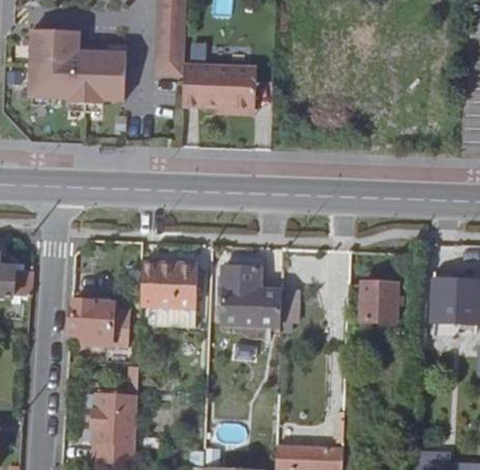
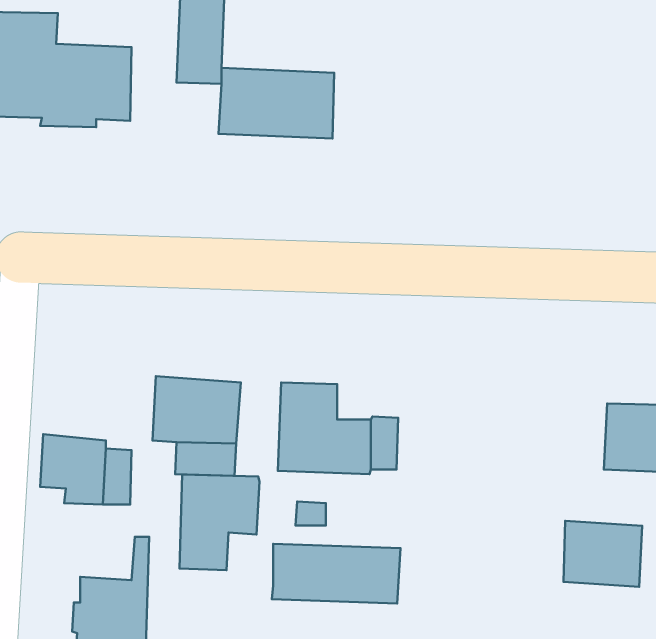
building: [345,280,395,322] -> [564,521,642,587]
building: none -> [180,474,259,570]
building: none -> [272,544,400,603]

